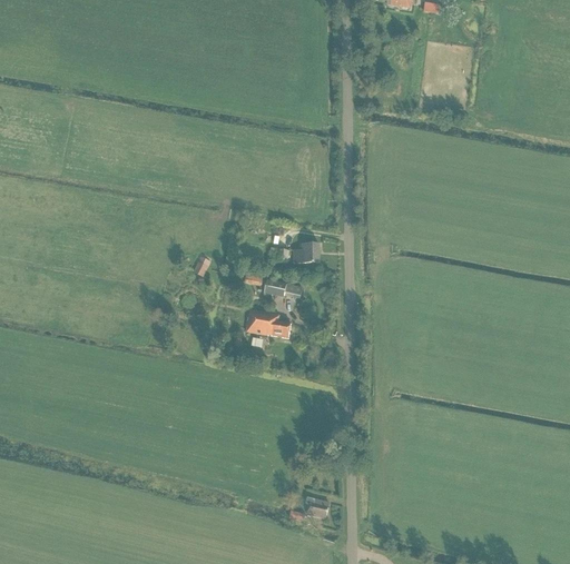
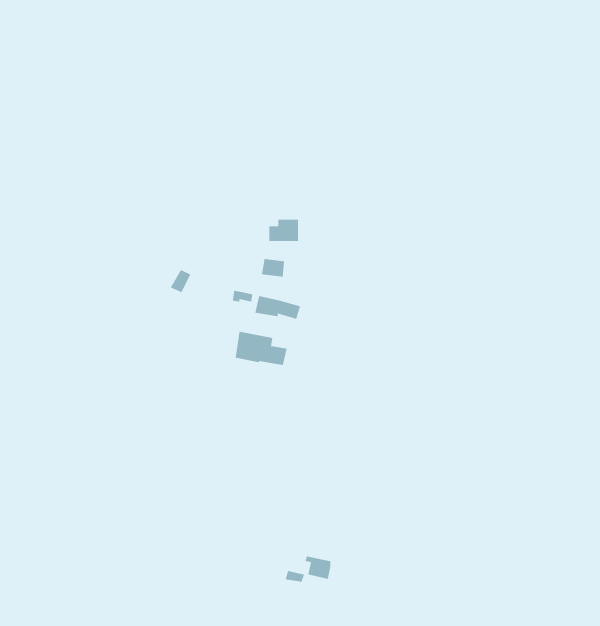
building: [293,244,318,263] -> [268,219,299,242]

